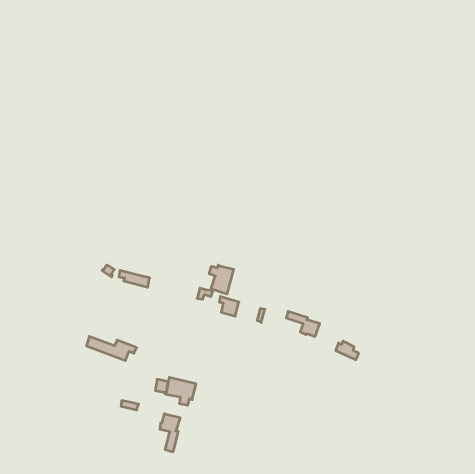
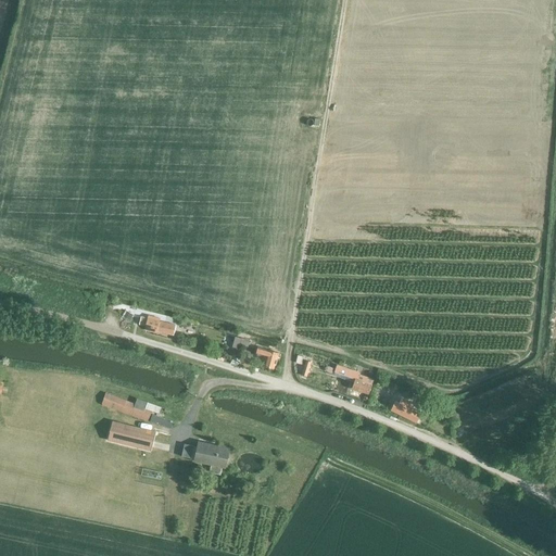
building: [209,265,234,294] -> none
building: none -> [106,420,155,451]
building: [160,414,180,452] -> none

